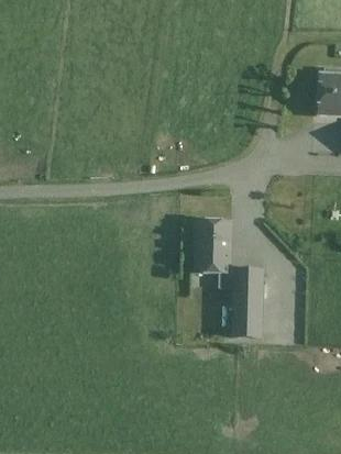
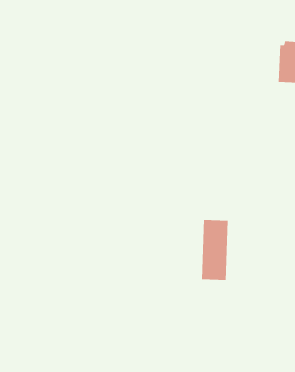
building: [195,221,230,273] -> none

